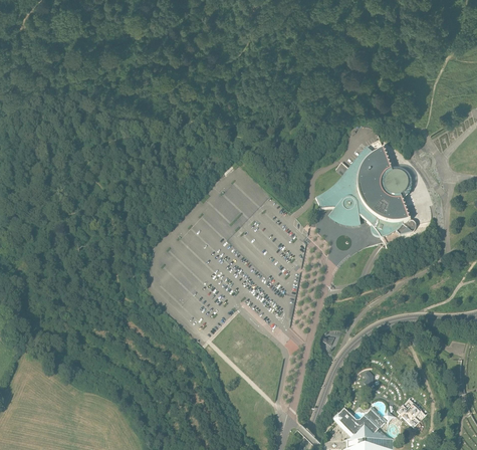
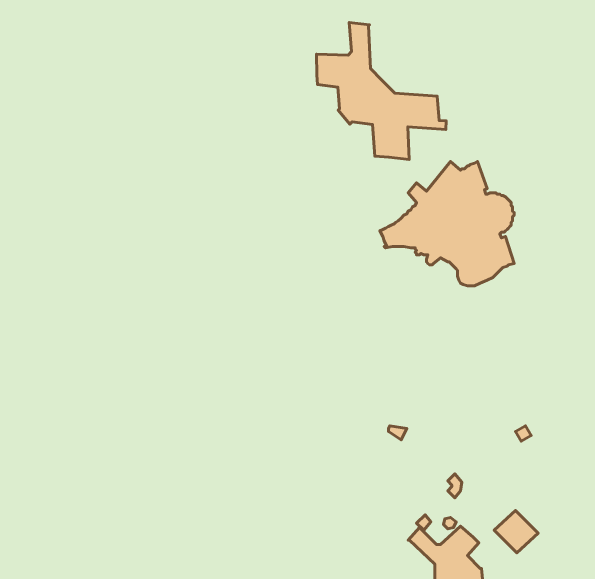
building: none -> [316,22,446,160]

